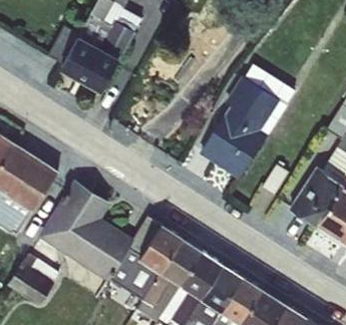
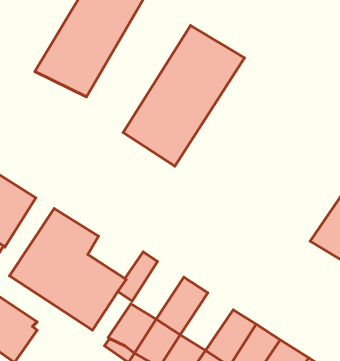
building: [196,61,297,179] -> [123,25,245,166]
building: [138,227,183,275] -> none
building: [180,253,224,301] -> none

